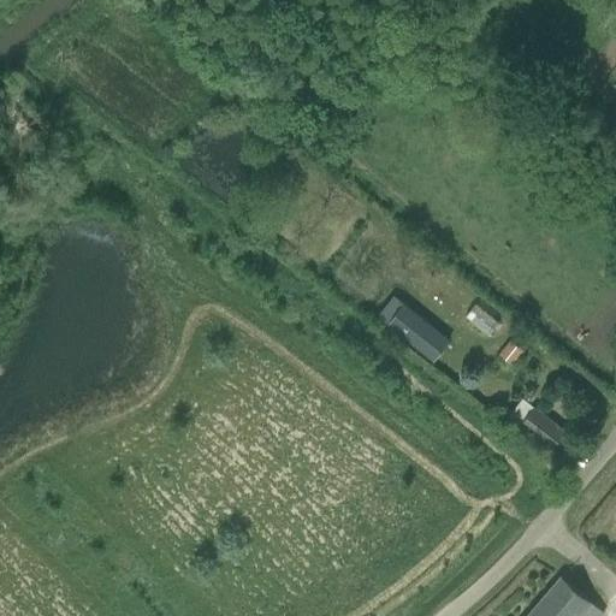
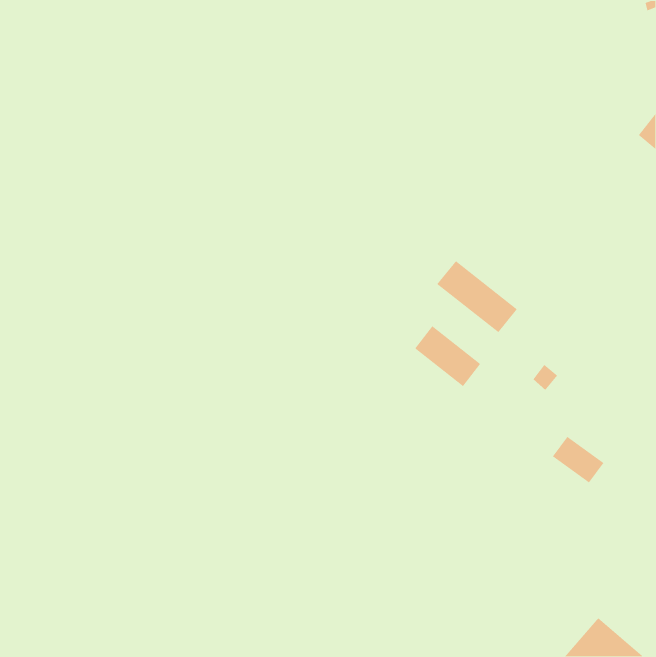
building: none -> [436,260,518,333]

